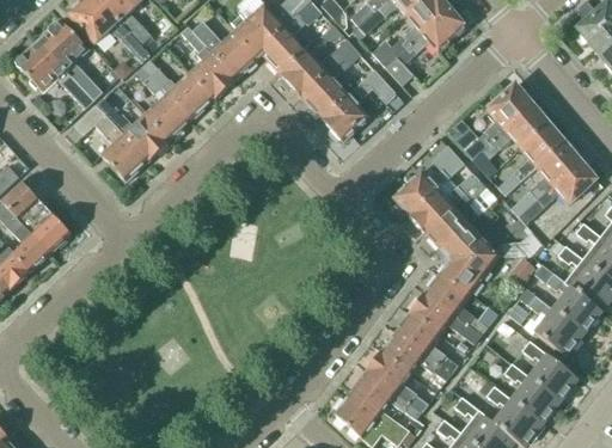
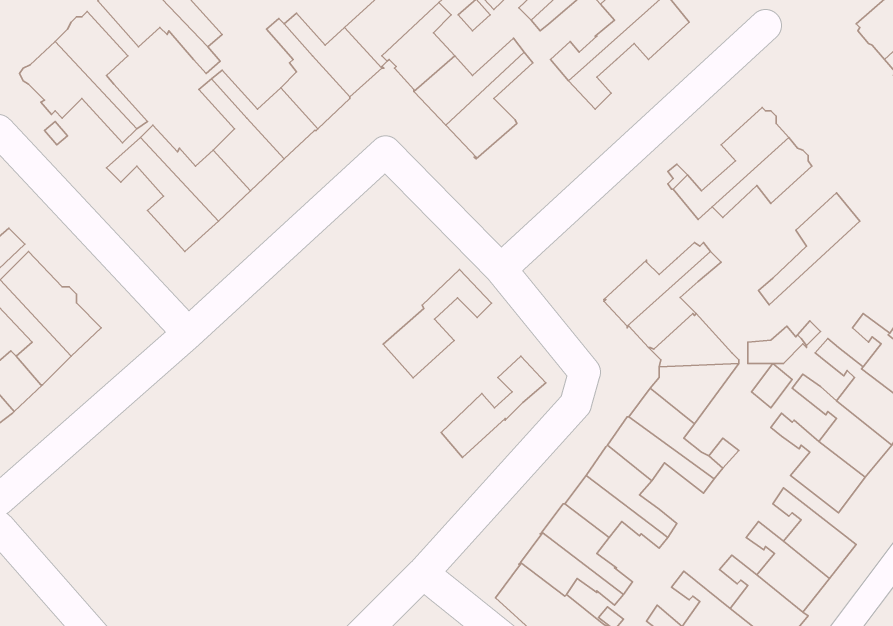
building: [322,68,394,141] -> [383,270,491,378]
building: [497,123,564,194] -> none
building: [393,145,464,213] -> [441,356,546,458]
building: [519,160,595,223] -> none

